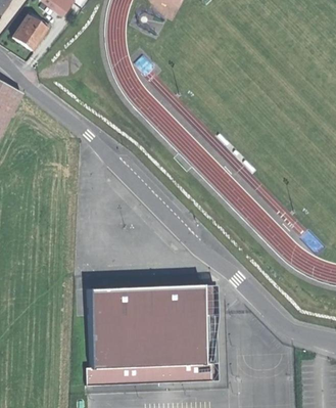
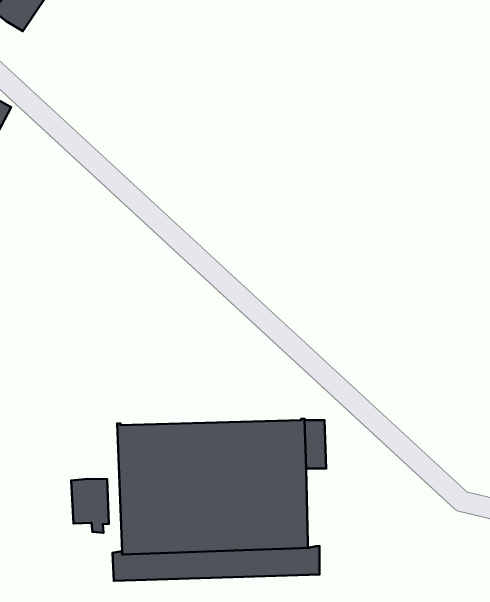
building: none -> [71,479,109,533]

